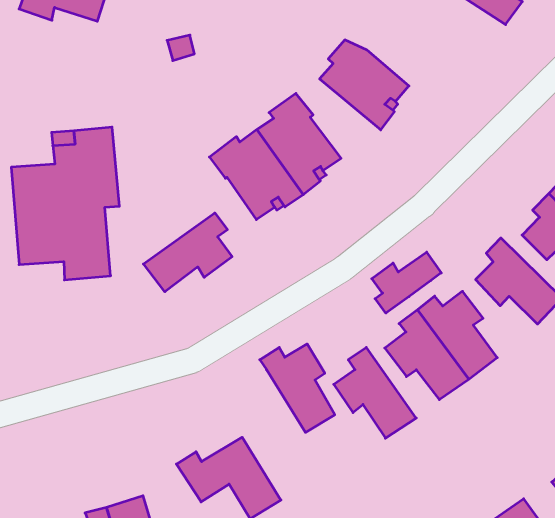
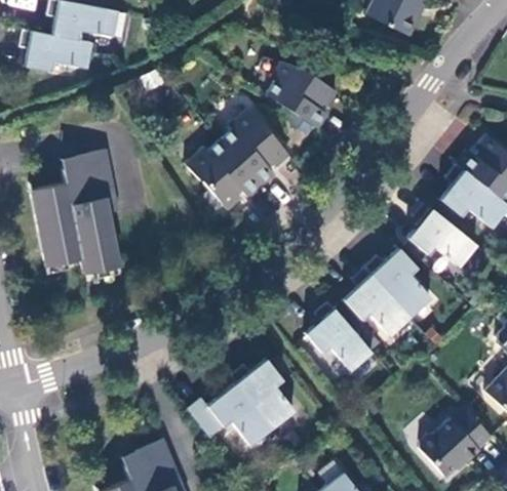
building: [143,213,232,292] -> none
building: [372,252,441,313] -> none
building: [260,344,335,432] -> [231,359,295,428]

